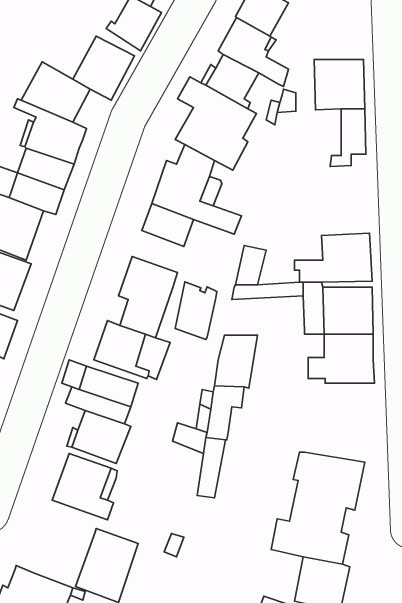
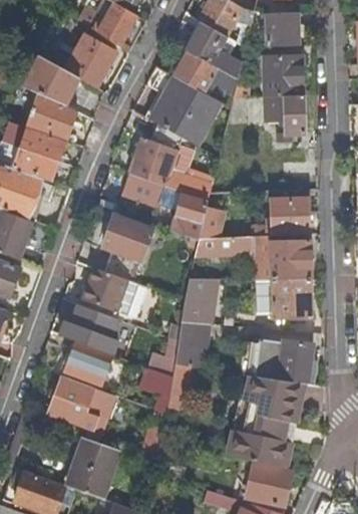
building: none -> [267,12,299,46]
building: [175,282,217,340] -> [172,194,207,241]
building: none -> [255,339,313,383]

